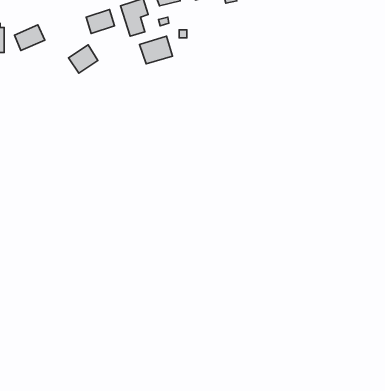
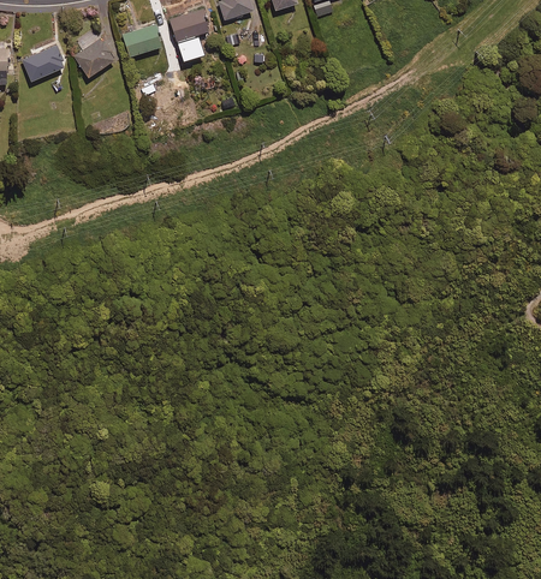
building: [140,36,172,64] -> none
building: [69,45,98,73] -> [75,37,115,77]

